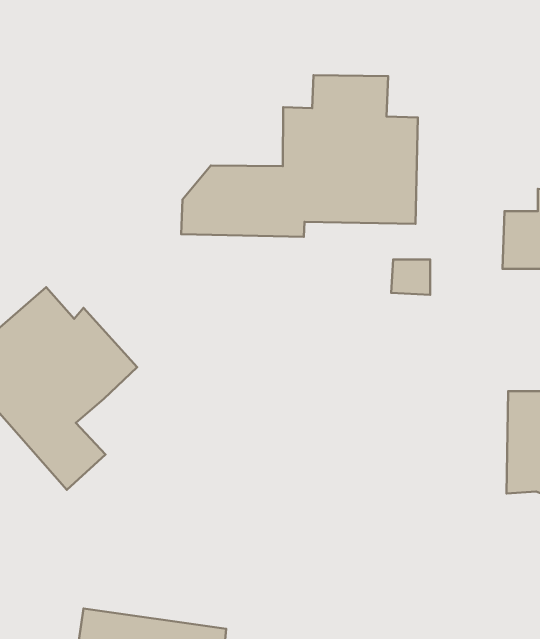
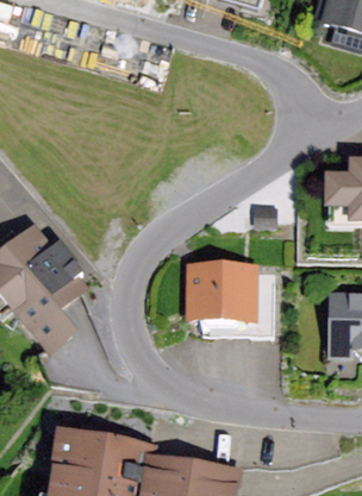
building: [181,75,418,237] -> none
building: none -> [186,264,261,325]

